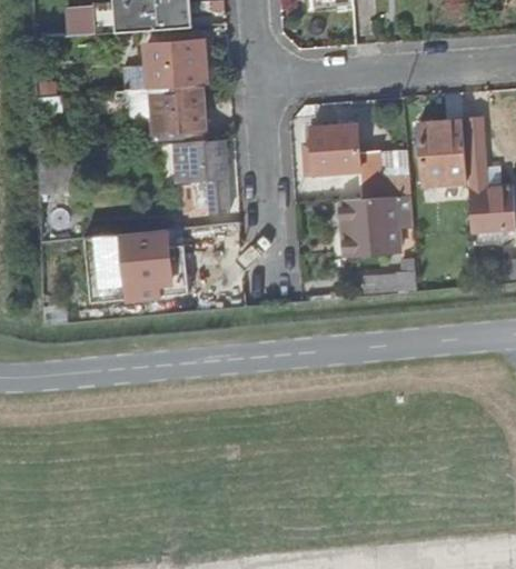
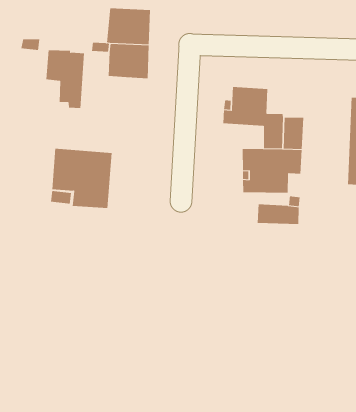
building: [419,121,465,186] -> none
building: [179,141,229,213] -> [45,50,85,109]

